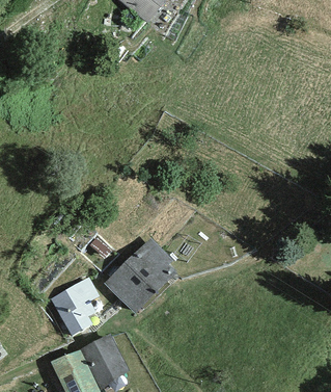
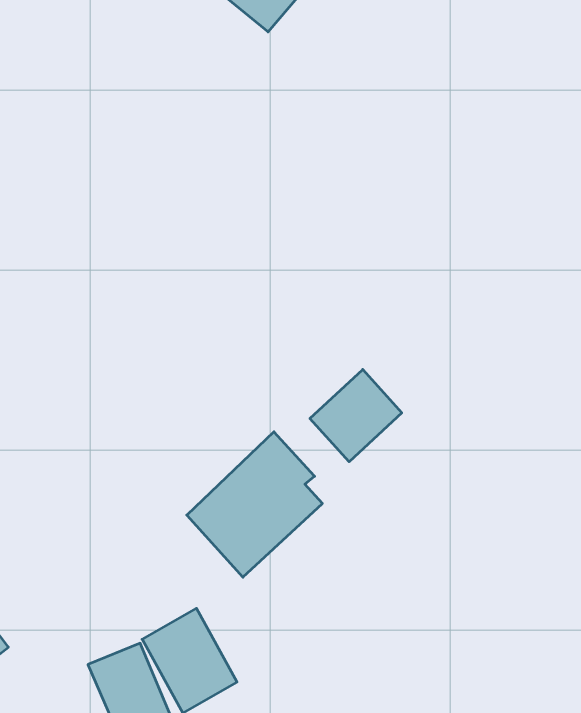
building: none -> [310,369,402,462]
building: [48,276,98,337] -> none

